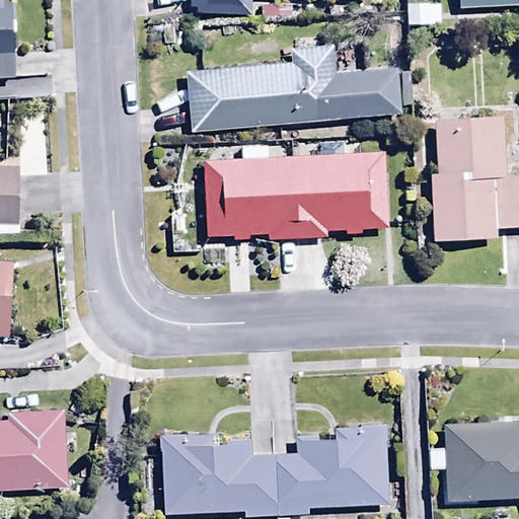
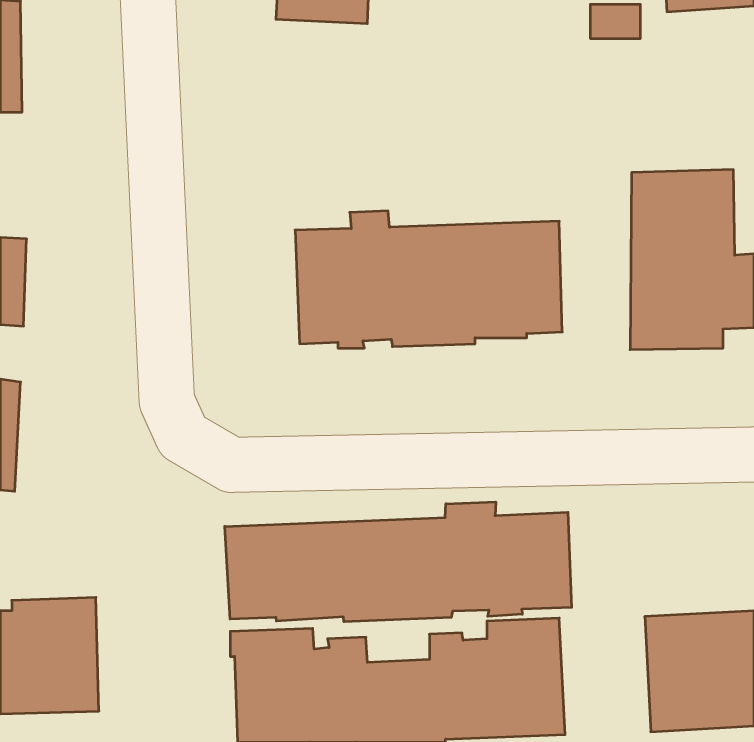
building: [186,45,400,131] -> none
building: none -> [225,502,572,622]

